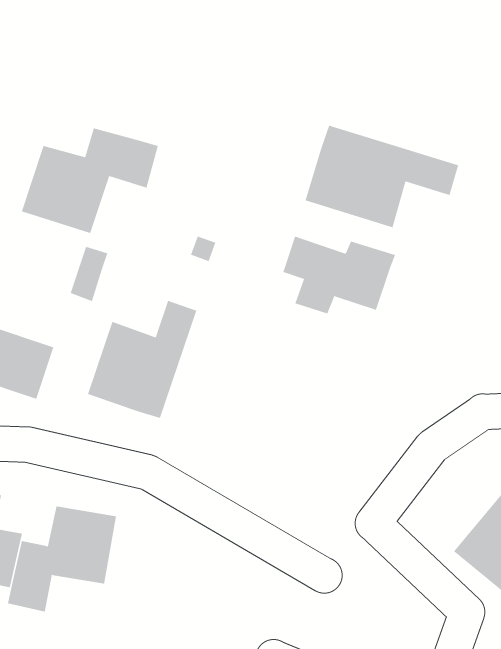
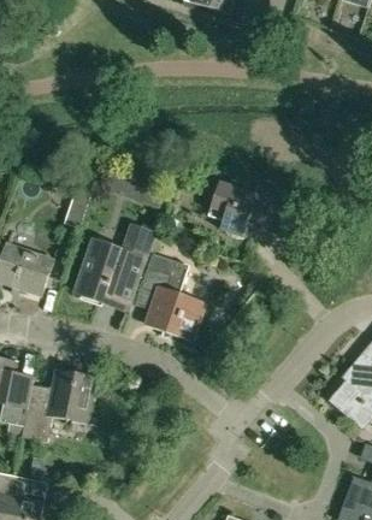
building: [305,125,459,228] -> none
building: [21,128,159,234] -> none
building: none -> [135,250,203,338]

